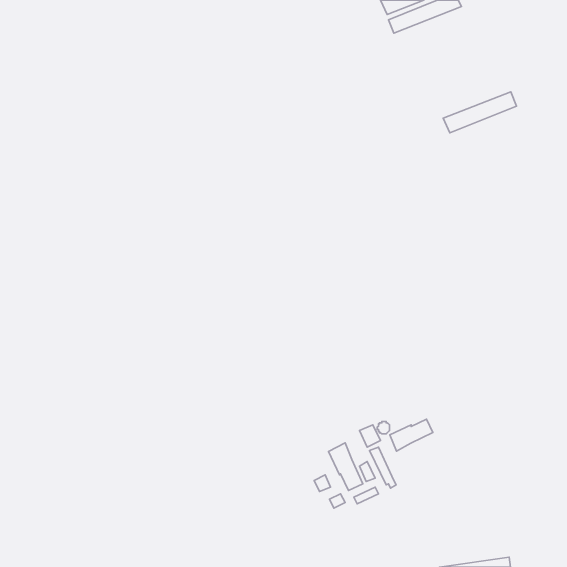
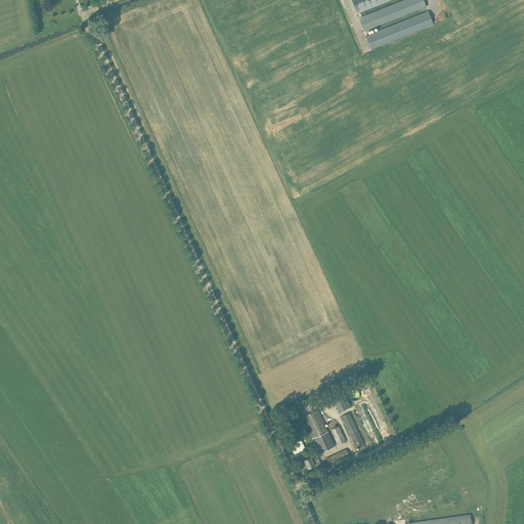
building: [443,92,517,133] -> [365,11,433,49]
building: [390,419,433,451] -> none

